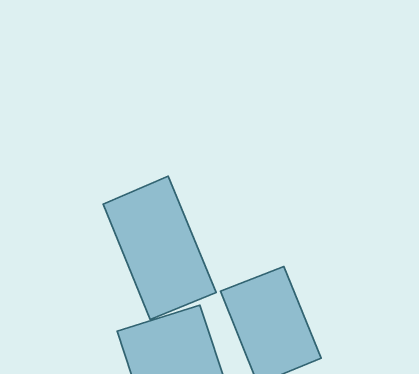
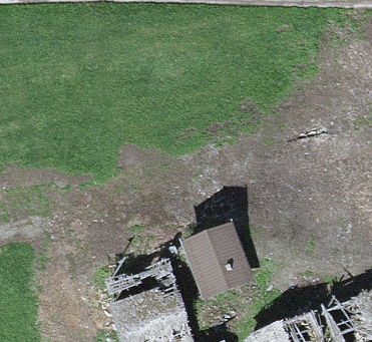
building: [103,176,216,319] -> none

